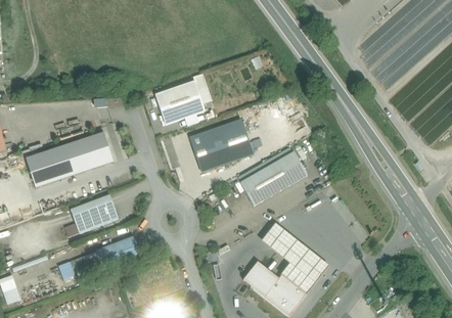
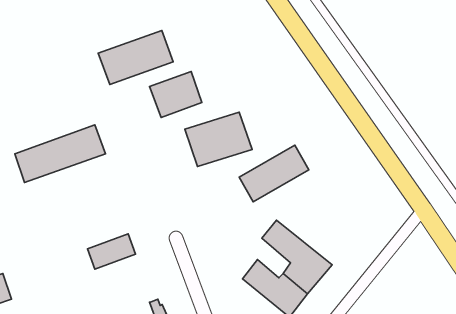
building: none -> [98,30,173,85]
building: [71,193,119,232] -> none

